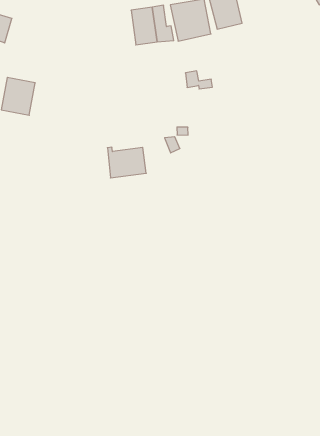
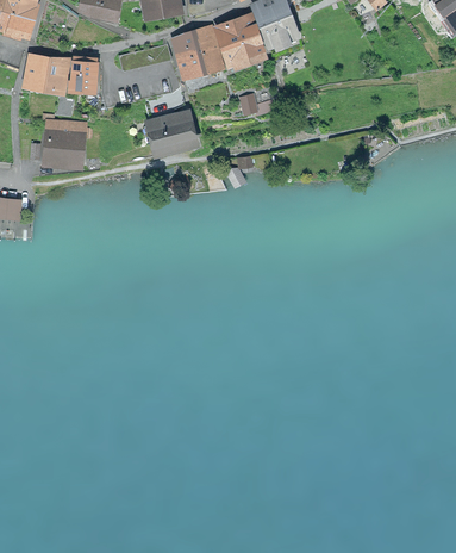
building: none -> [42,56,68,92]
building: none -> [70,57,95,89]
building: [107,147,146,178] -> [149,114,194,151]

